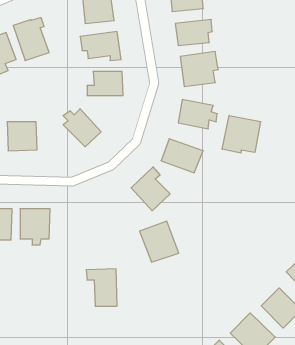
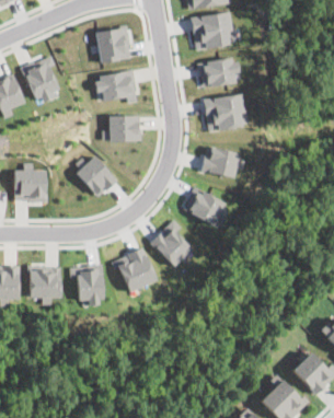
building: [222,115,261,153] -> none
building: [140,221,179,262] -> [114,247,157,292]
building: [86,269,117,306] -> [69,265,103,305]

